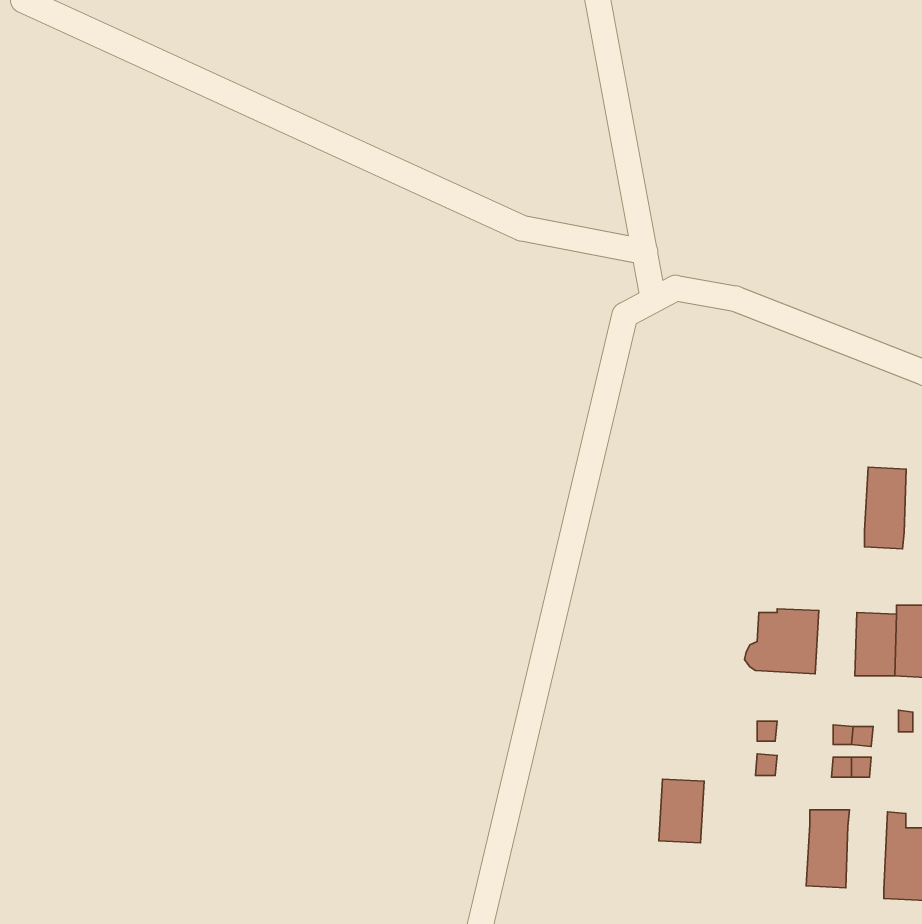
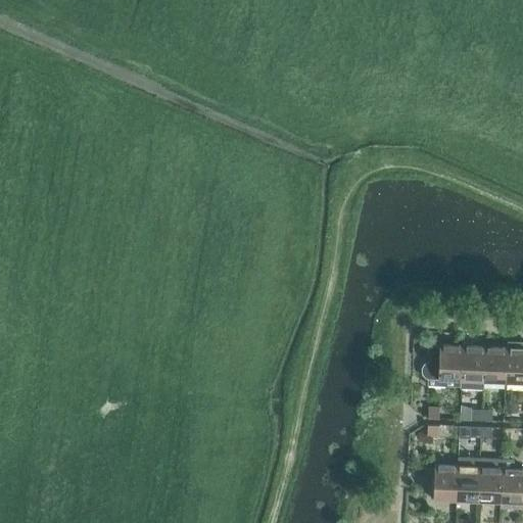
building: [864,467,906,549] -> [462,345,485,391]
building: [659,779,704,843] -> [433,465,459,501]
building: none -> [479,458,503,503]

